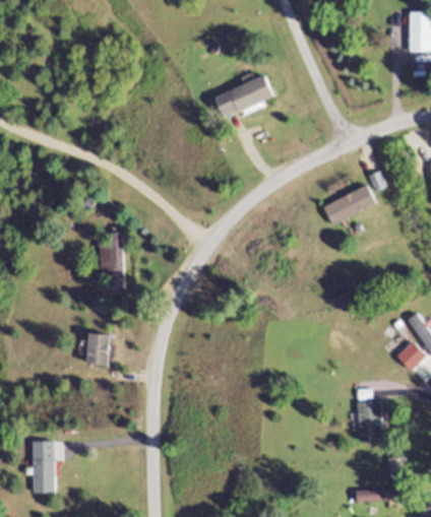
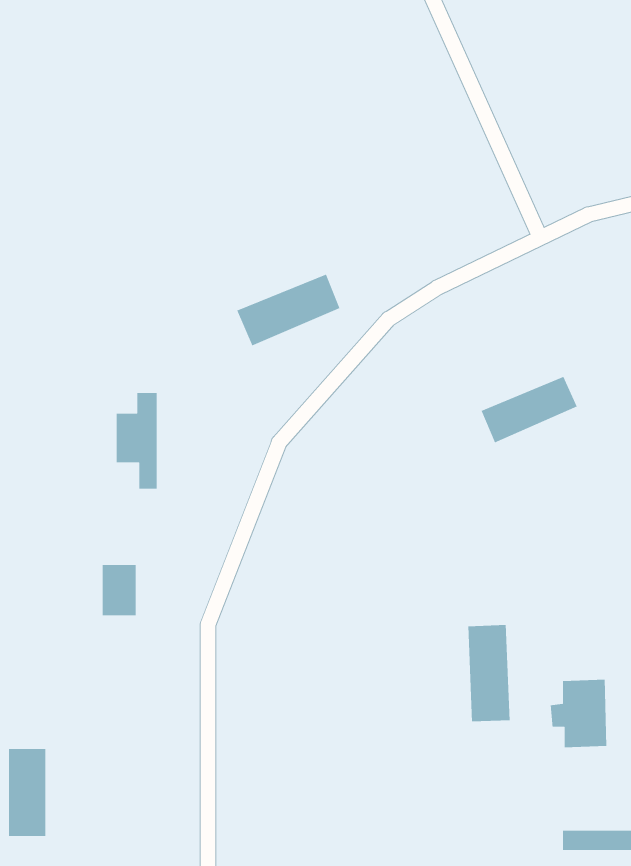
building: [212,75,273,118] -> [236,274,340,347]
building: [323,186,380,225] -> [480,376,578,443]
building: none -> [467,624,510,722]

